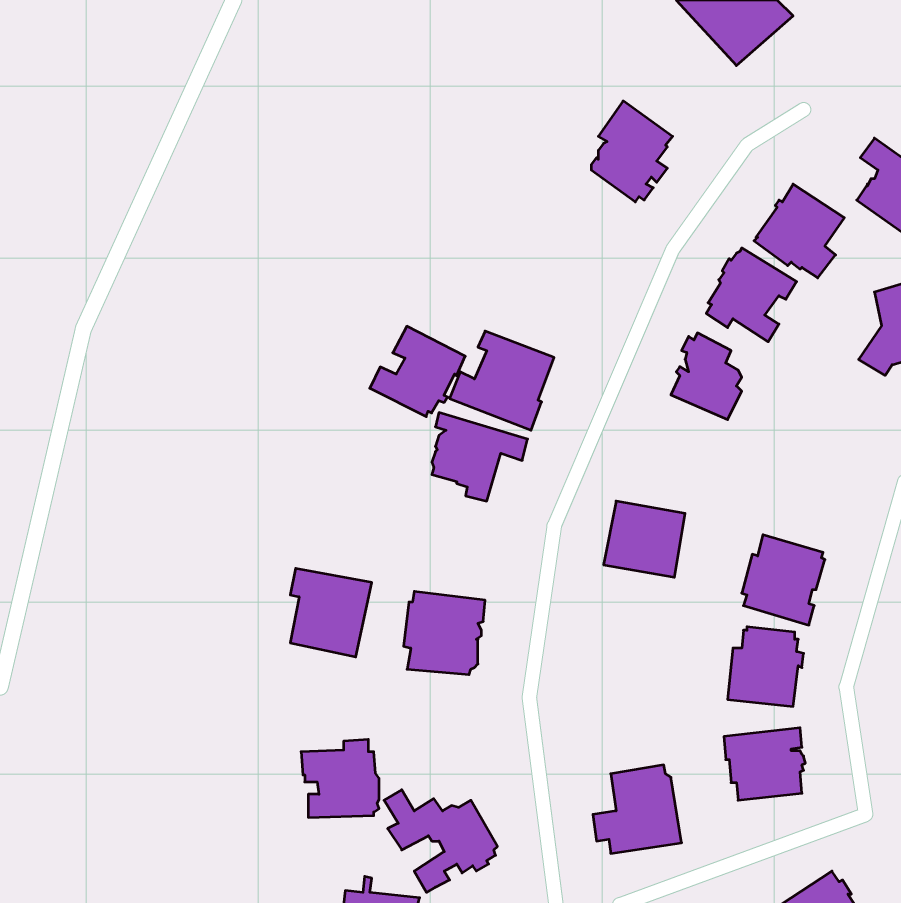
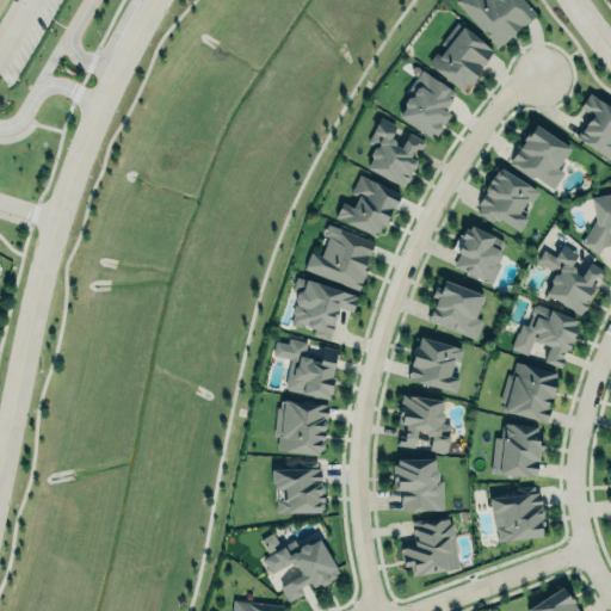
building: none -> [430,23,495,91]
building: none -> [368,117,426,187]
building: [370,326,465,417] -> [337,175,401,236]
building: none -> [538,249,604,315]
building: none -> [428,280,485,339]
building: none -> [512,304,578,369]
building: [290,568,372,657] -> [286,340,341,400]
building: none -> [399,394,452,452]
building: none -> [394,459,444,511]
building: [301,739,379,817] -> [272,462,325,514]

